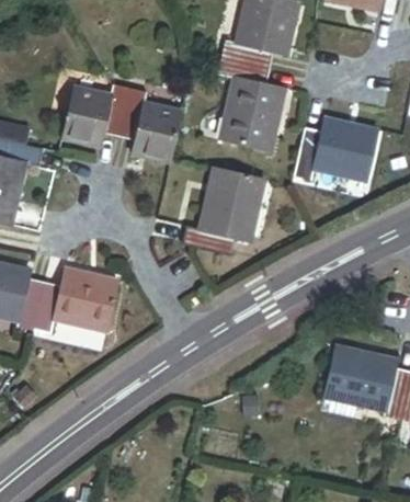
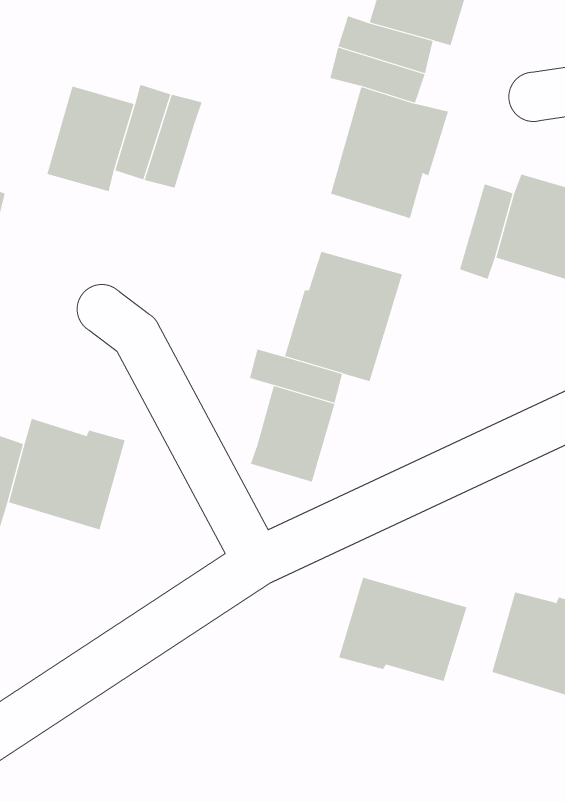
building: [133,103,180,160] -> none
building: none -> [250,385,335,483]
building: none -> [339,577,467,682]

